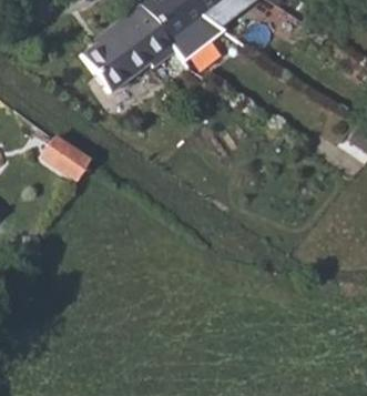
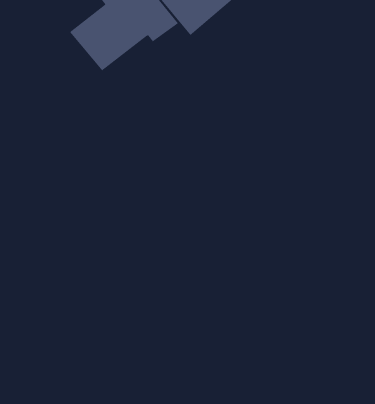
building: [41,136,91,182] -> none

